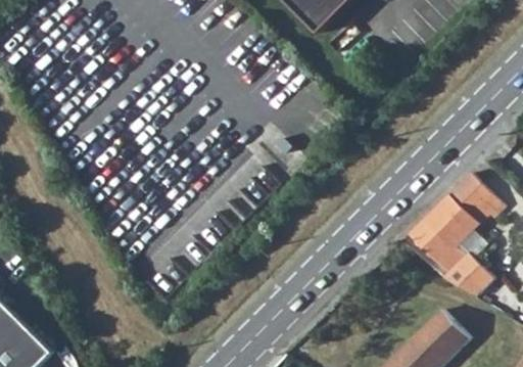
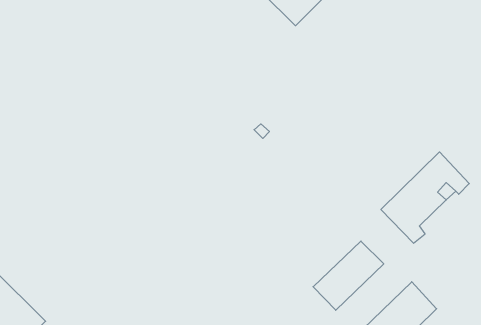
building: [437,253,489,295] -> none
building: none -> [313,241,384,310]

